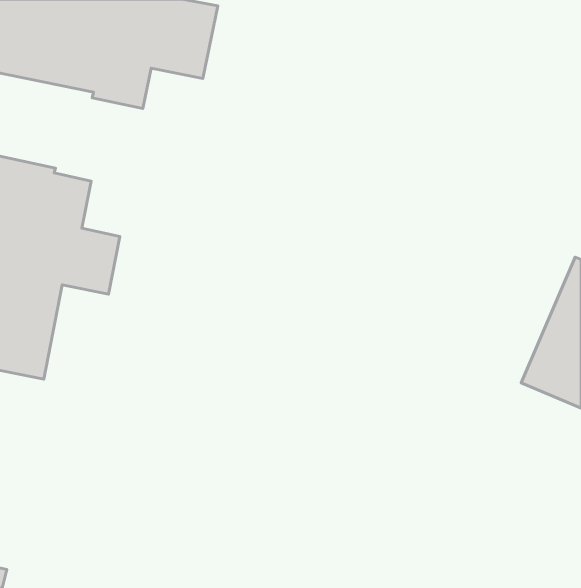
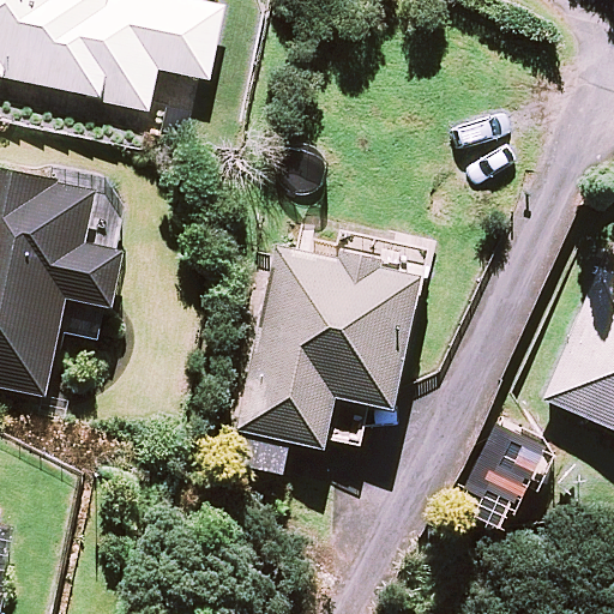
building: none -> [240,245,421,447]

